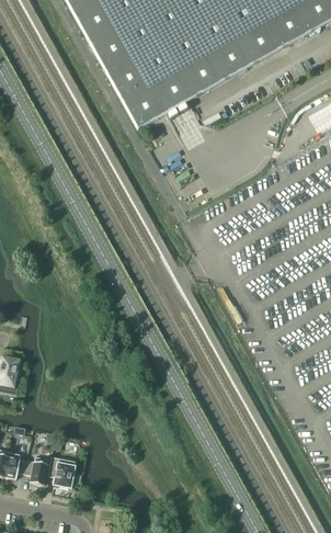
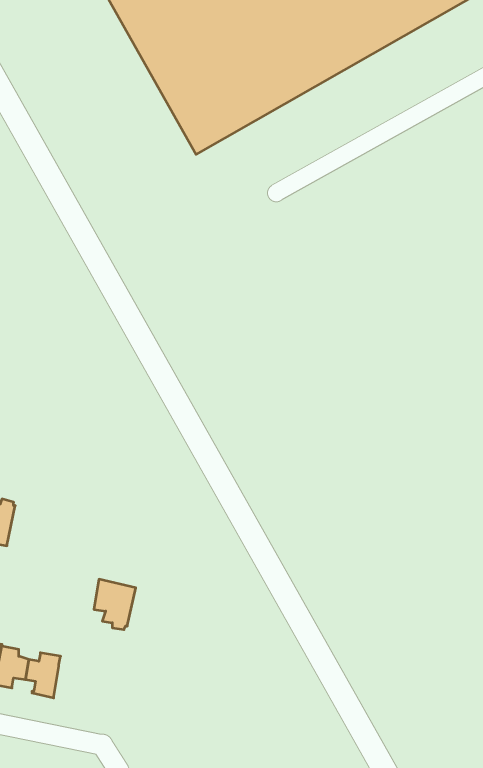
building: [48,455,76,488] -> [94,579,136,630]

